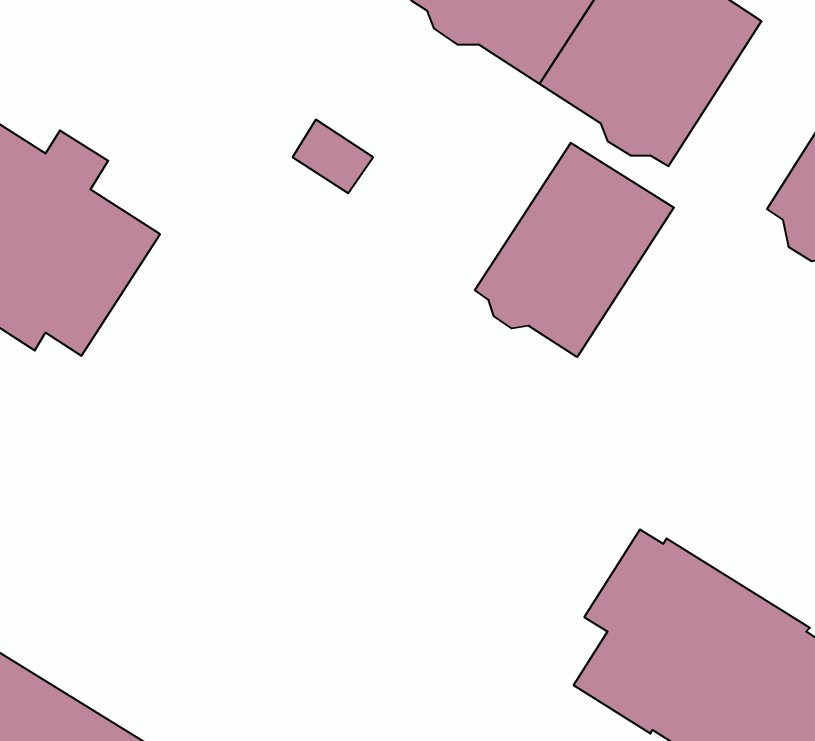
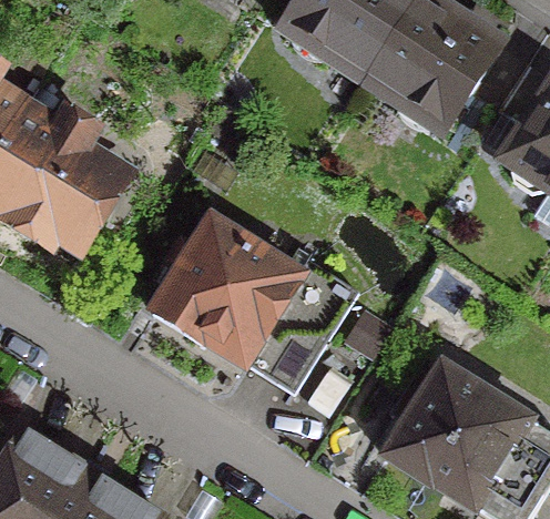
building: [475,143,674,357] -> none
building: none -> [152,218,355,389]

